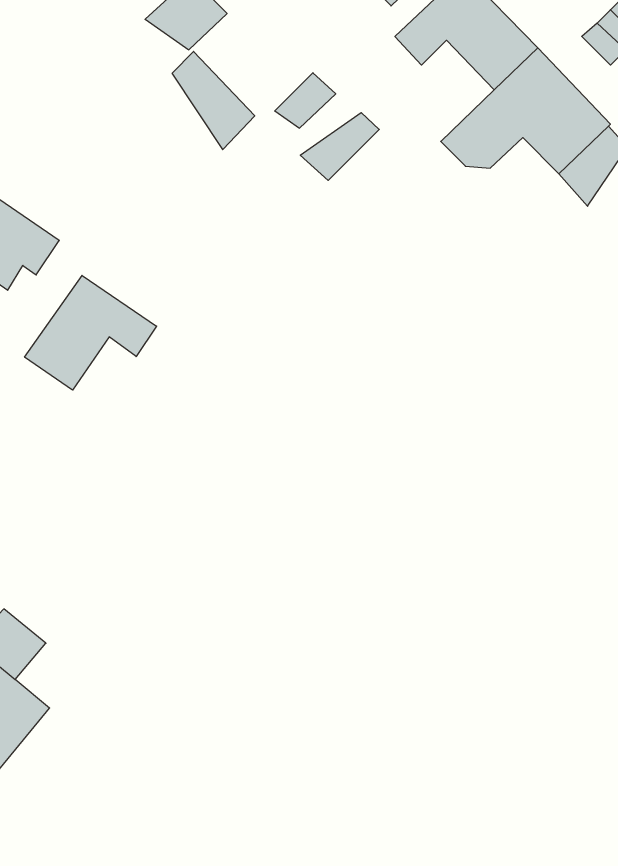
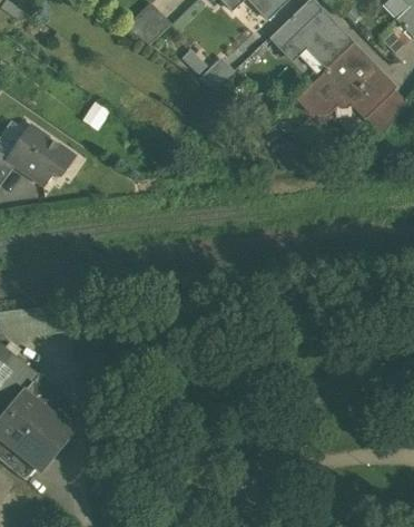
building: [172,51,255,150] -> none
building: [300,113,379,180] -> none
building: [25,275,157,390] -> none

